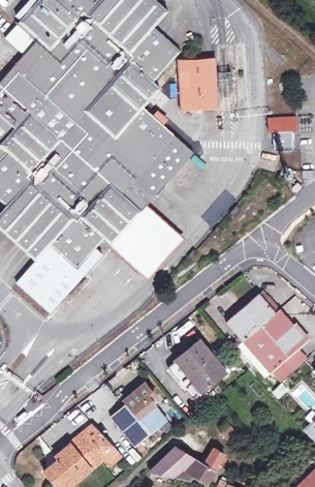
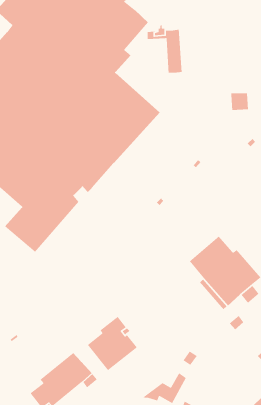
building: [178,69,201,110] -> none
building: [267,116,296,132] -> none
building: [116,211,174,268] -> none
building: [167,340,225,398] -> none
building: [150,447,195,477] -> none

